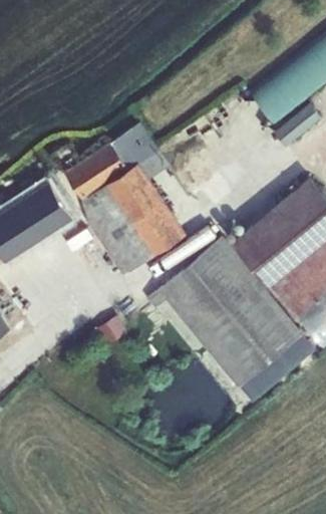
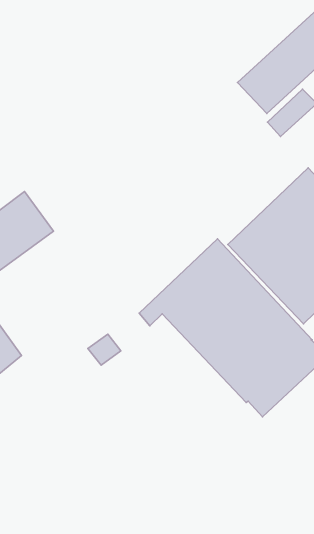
building: [63,122,187,276] -> none

